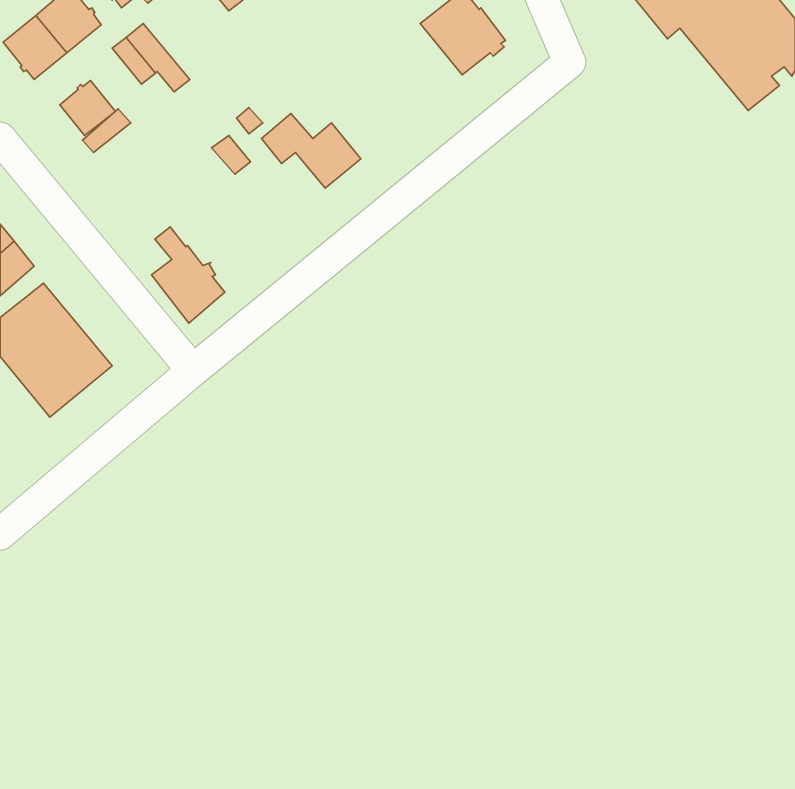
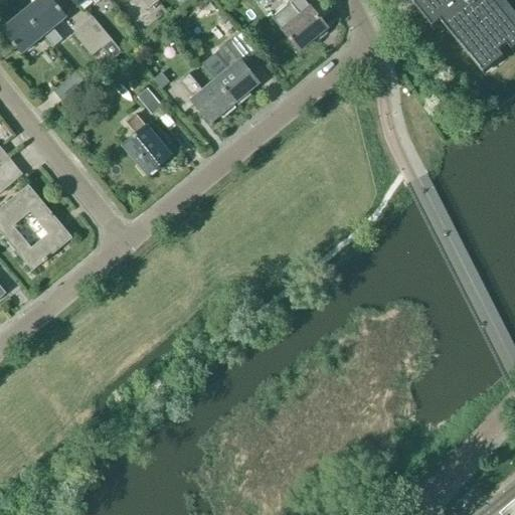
building: none -> [214,35,259,103]
building: [60,81,115,136] -> none
building: [152,227,225,323] -> [124,112,171,174]

